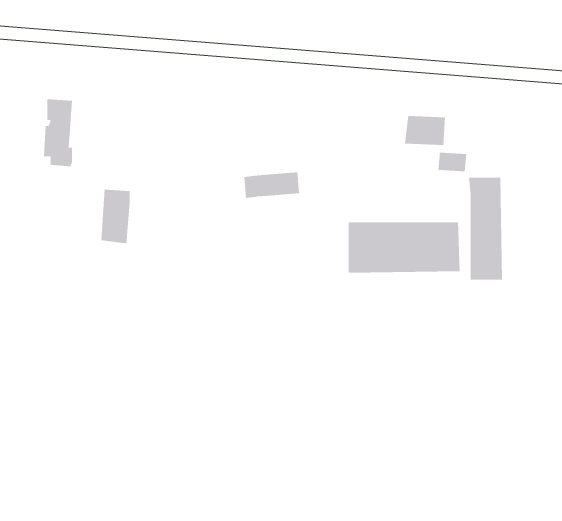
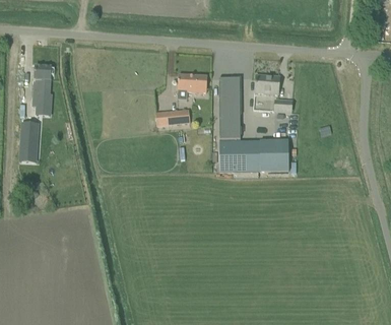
building: none -> [178,75,207,93]
building: [468,177,503,280] -> [218,78,240,141]
building: [101,189,130,244] -> [19,124,38,157]

